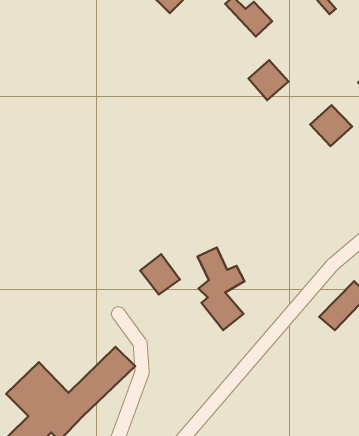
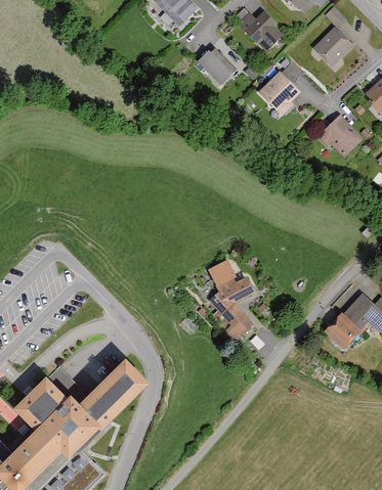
building: none -> [315,30,349,63]
building: none -> [200,49,237,86]
building: [140,254,180,295] -> none

